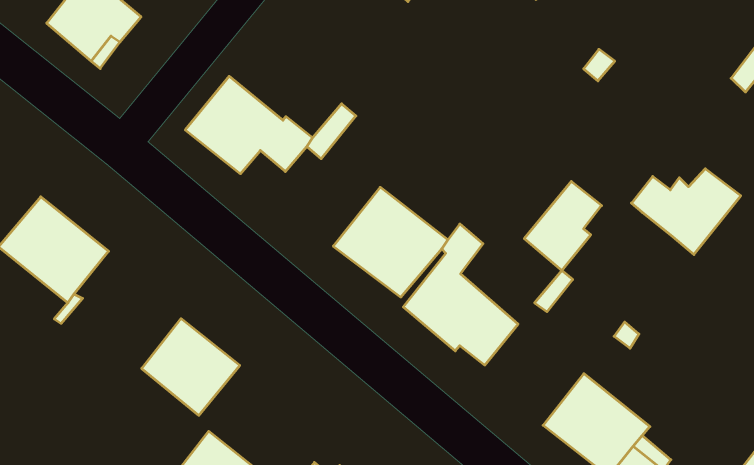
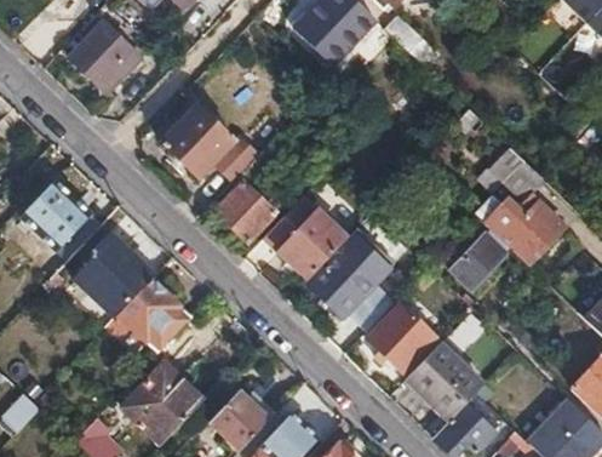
building: none -> [493,147,544,199]
building: none -> [219,181,286,239]
building: [524,181,602,270] -> [454,229,512,293]
building: none -> [71,232,154,320]
building: none -> [369,307,432,371]

